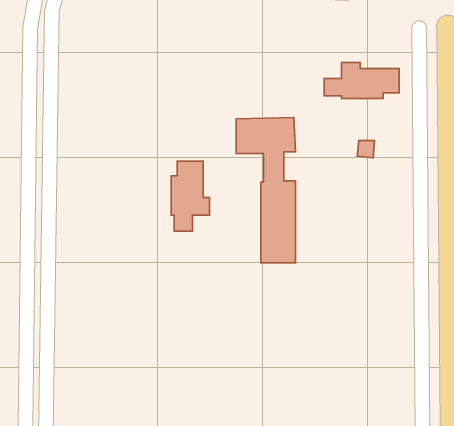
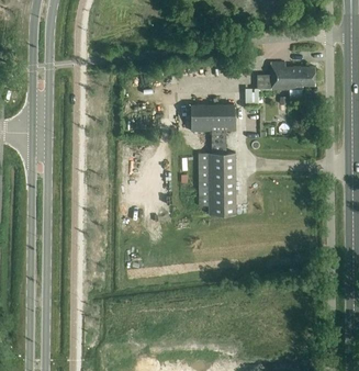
building: [171,161,209,231] -> none

